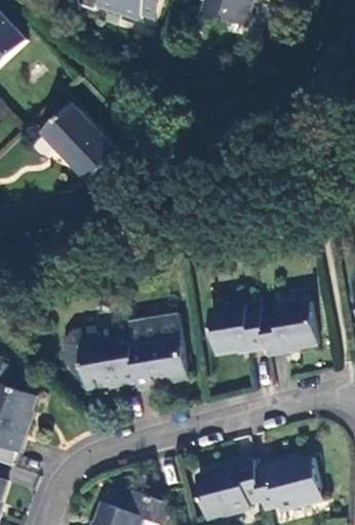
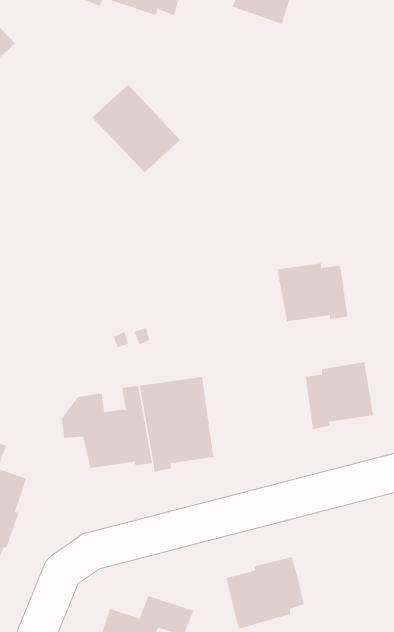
building: [42,106,115,178] -> [92,84,181,173]
building: [207,306,266,354] -> [276,263,348,322]
building: [253,457,321,511] -> none

